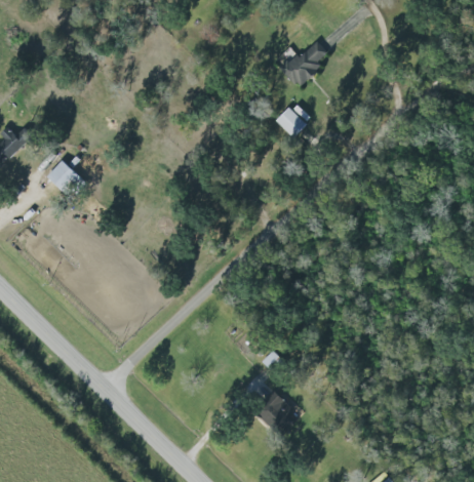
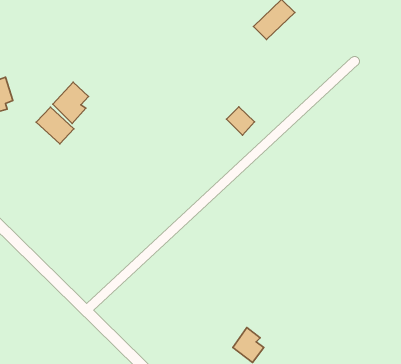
building: [275,106,306,136] -> [227,107,255,135]
building: none -> [53,82,89,123]

